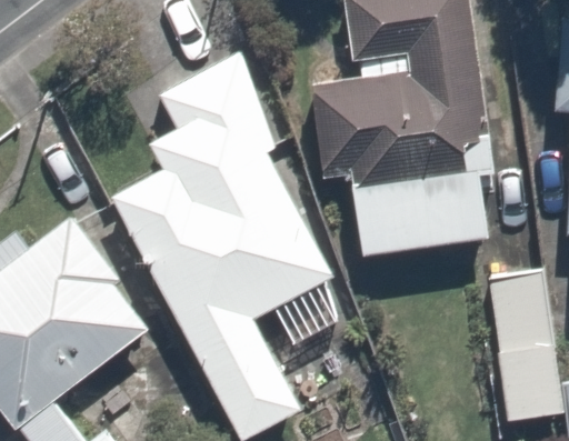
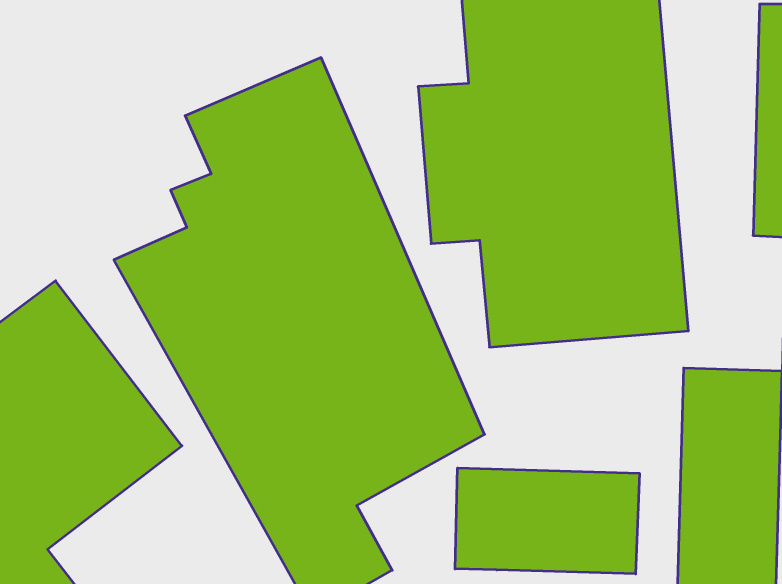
building: none -> [455,468,639,574]

